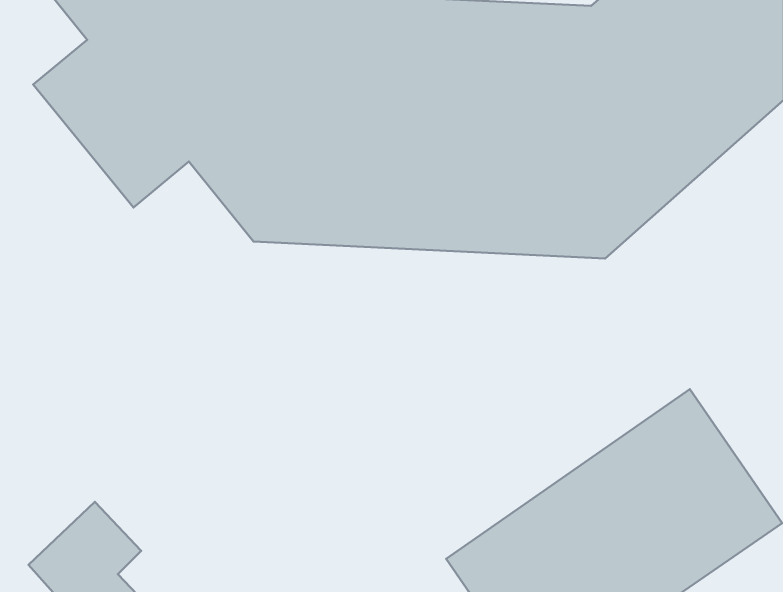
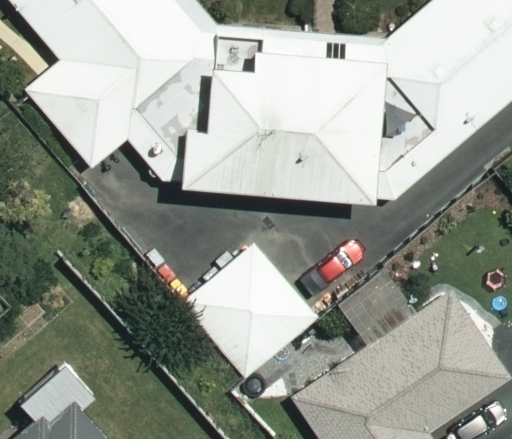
building: none -> [182,240,318,377]

